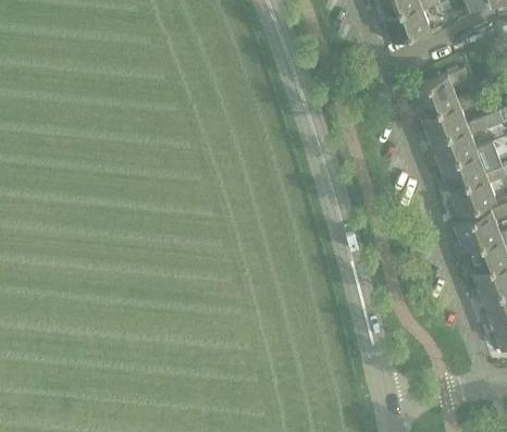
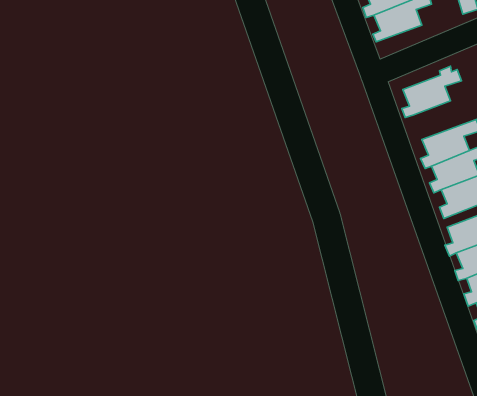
building: [421,94,481,141] -> none

